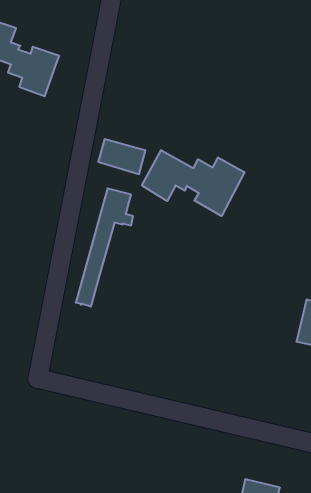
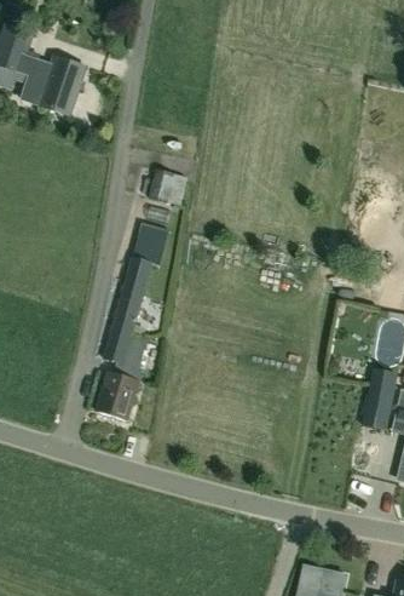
building: [142,150,244,216] -> none
building: none -> [96,332,151,419]

